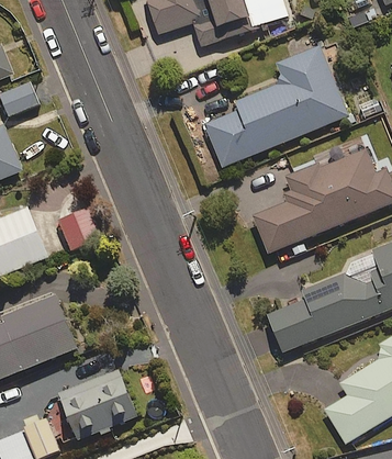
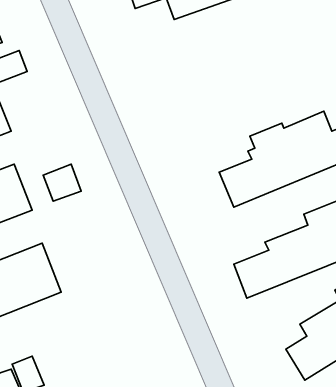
building: [203,44,347,166] -> none
building: [58,369,137,439] -> none

